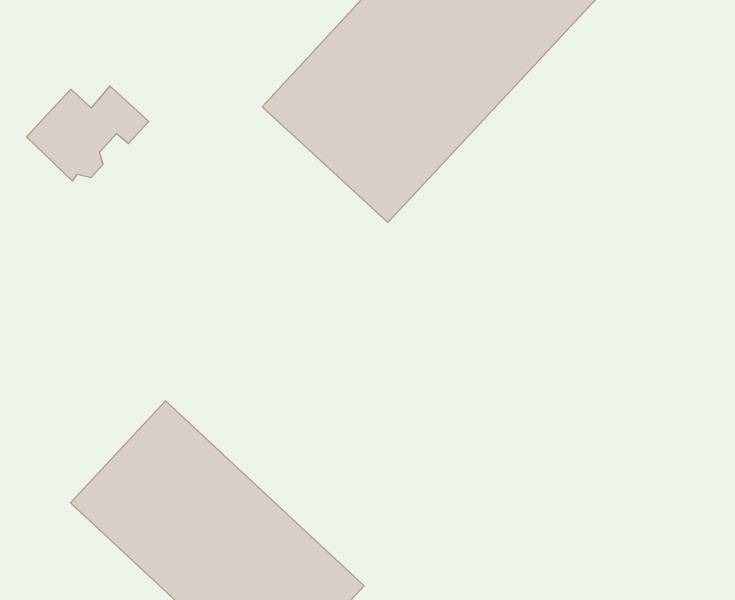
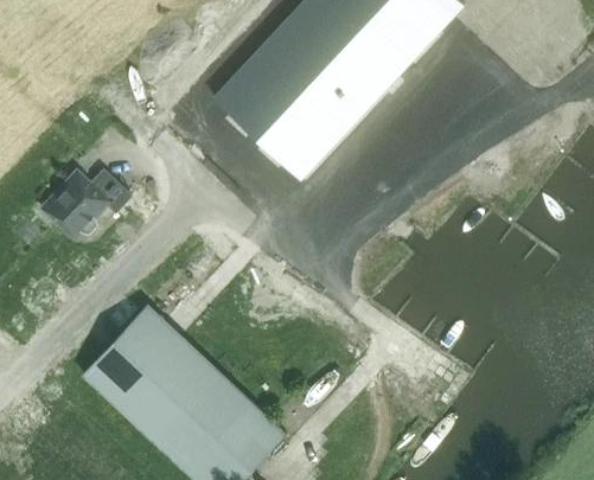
building: [27,86,149,181] -> [43,172,128,238]

